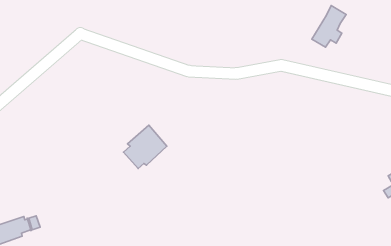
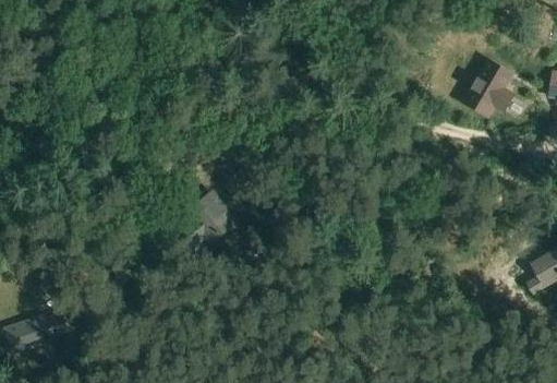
building: [312,5,346,47] -> [467,58,512,113]

